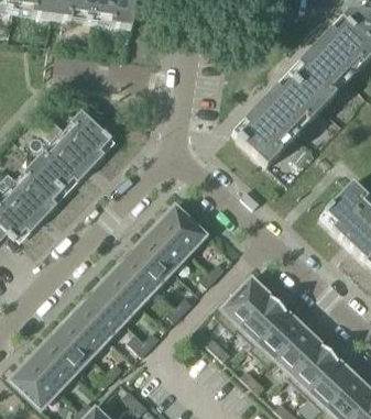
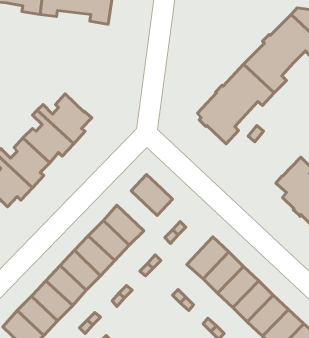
building: [142,221,188,267] -> none

